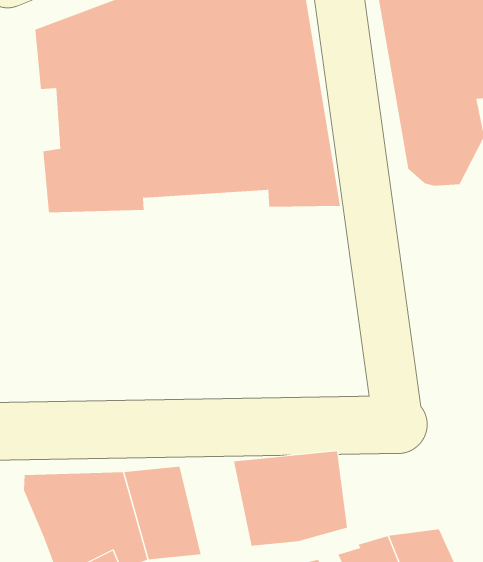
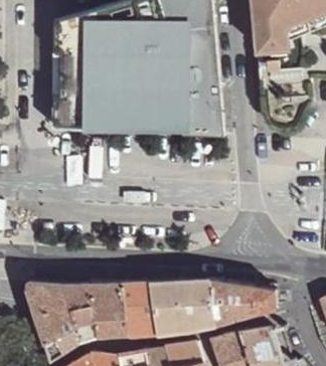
building: none -> [213,281,277,326]
building: none -> [121,283,159,336]

